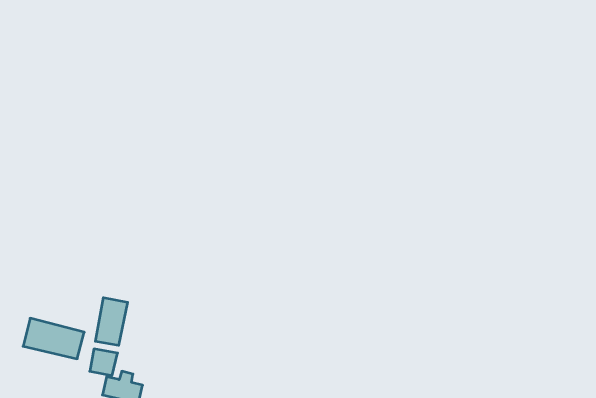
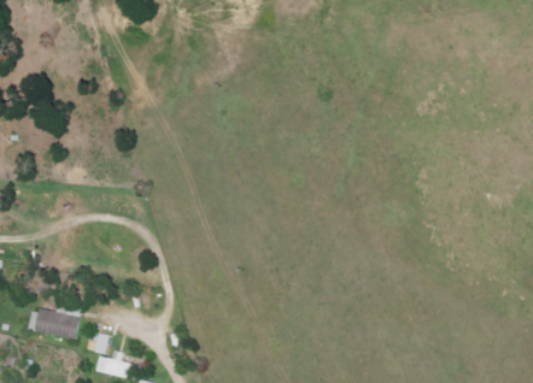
building: [95,298,128,345] -> none

